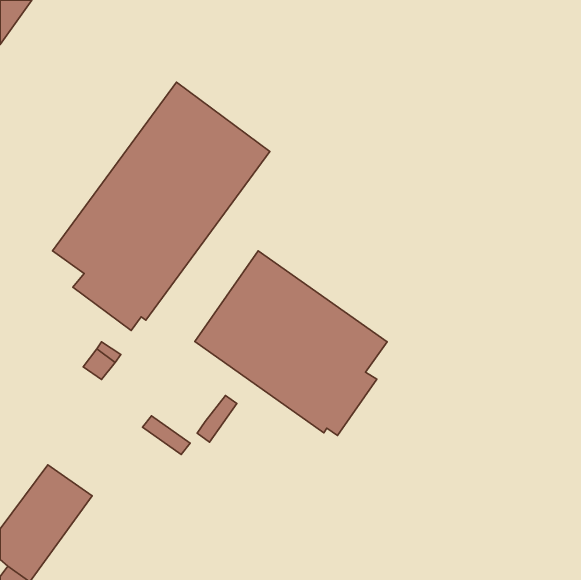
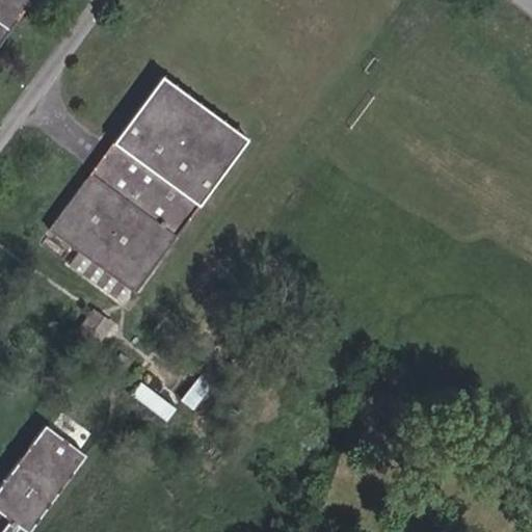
building: [195,251,387,436] -> none

